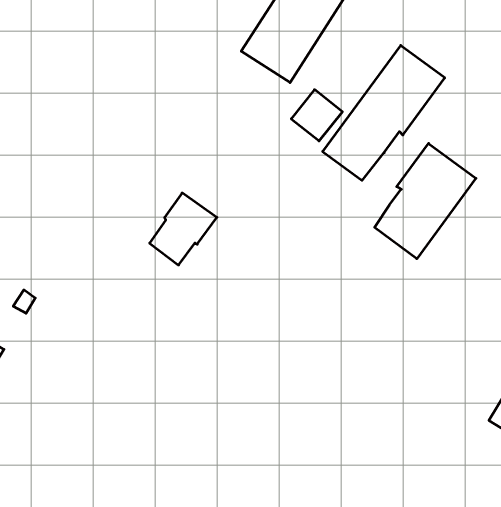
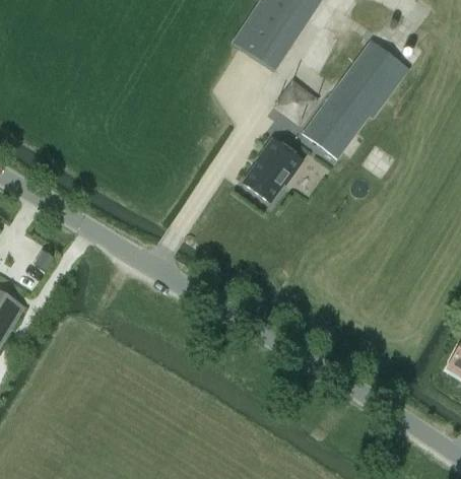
building: [375,143,476,259] -> none
building: [150,193,217,265] -> [244,138,303,201]

